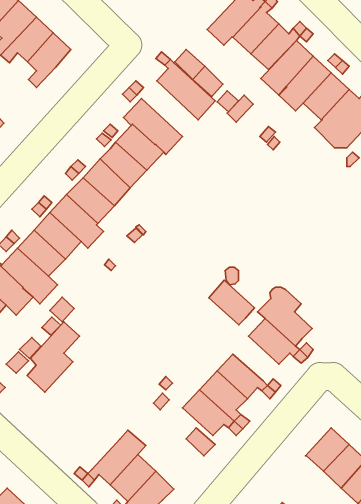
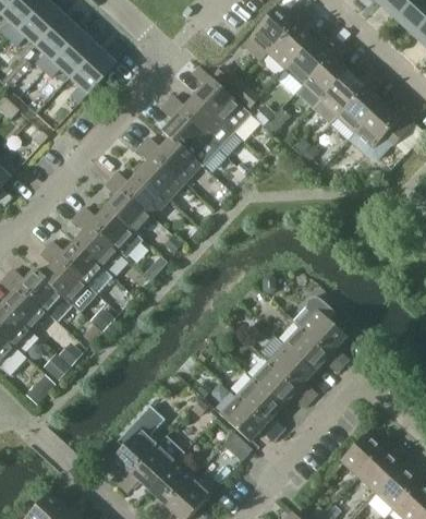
building: none -> [180,94,235,148]
building: [209,280,254,325] -> [269,343,314,387]
building: [27,322,80,392] -> [114,405,166,473]

